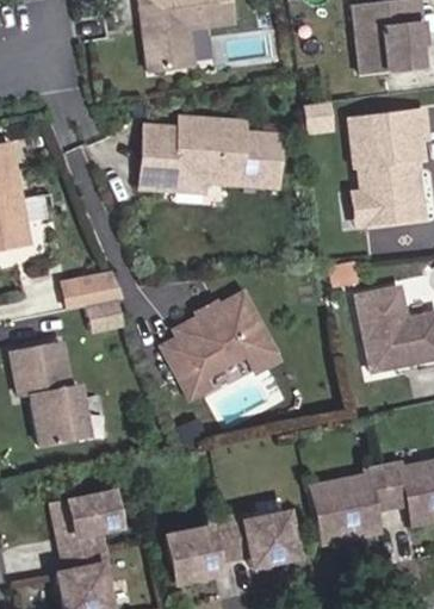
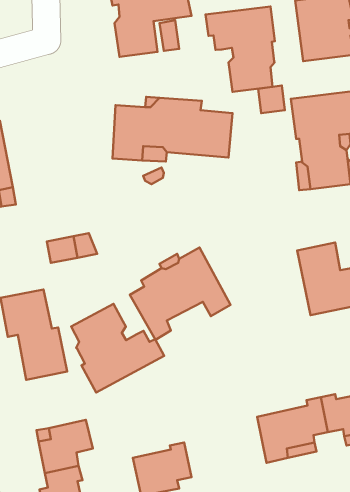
building: none -> [206,7,275,92]
building: none -> [71,304,164,393]
building: [224,511,296,565] -> none

